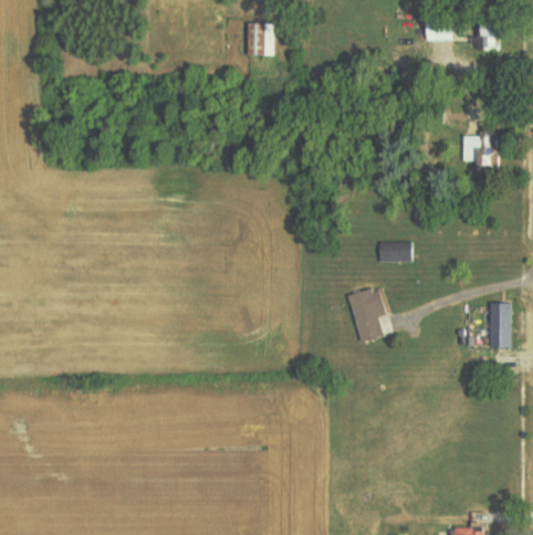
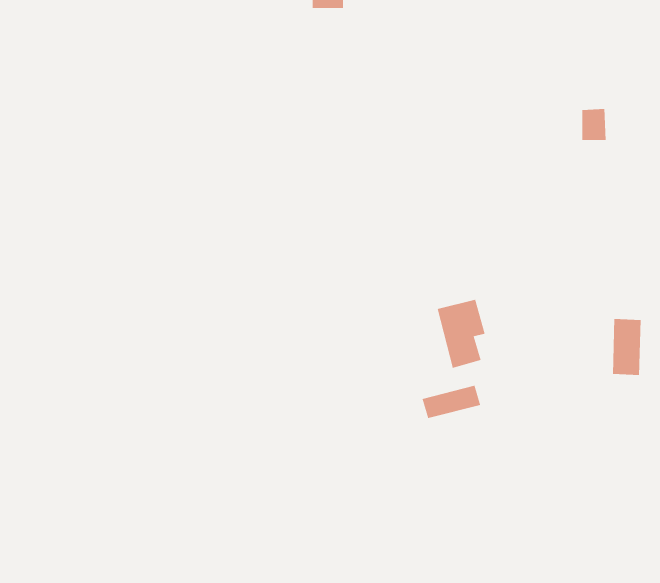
building: [379,241,412,261] -> none
building: none -> [422,385,481,419]

